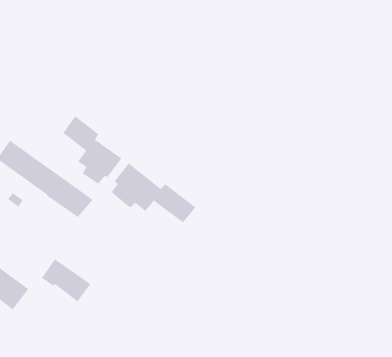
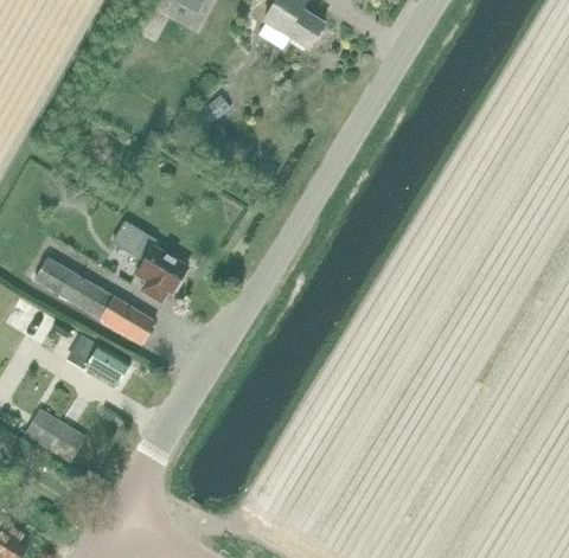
building: [111,162,196,223] -> none
building: [41,258,91,302] -> [68,334,129,385]

